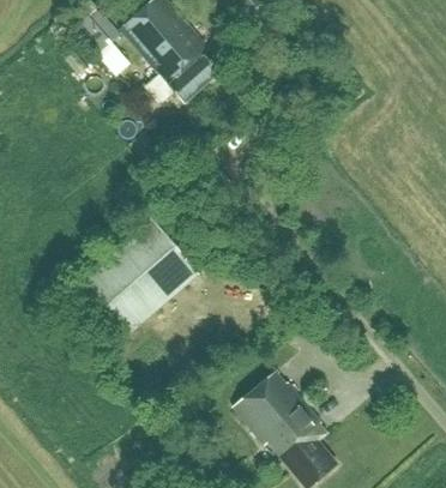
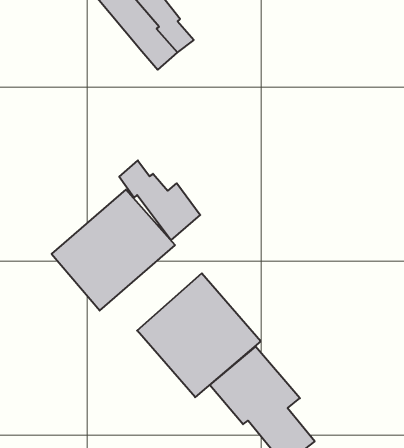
building: none -> [119,160,200,240]
building: none -> [137,273,261,397]

